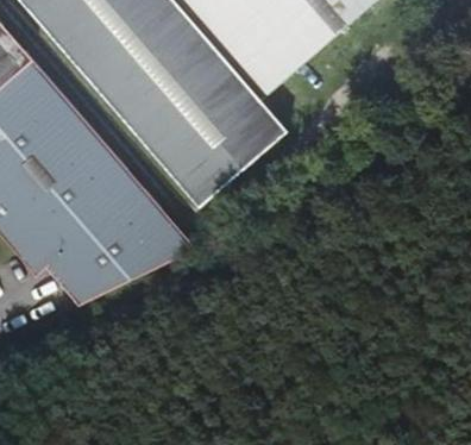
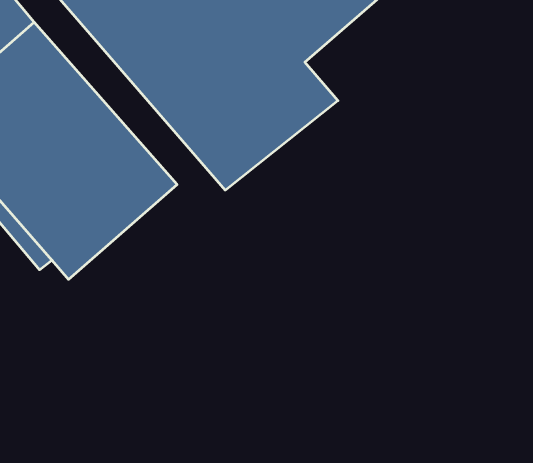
building: [62,200,196,303] -> none

